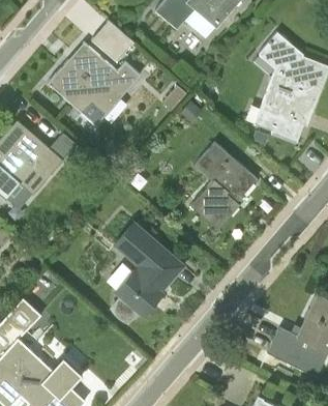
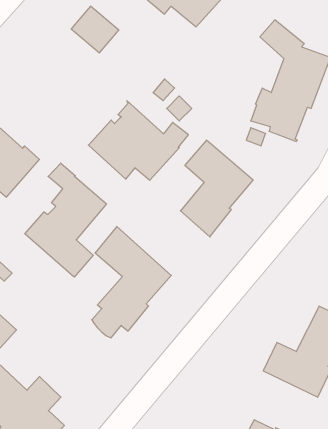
building: [48,42,139,115] -> [88,101,188,180]
building: none -> [25,163,106,277]

